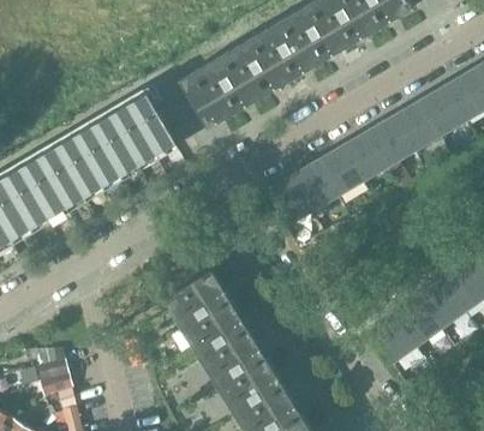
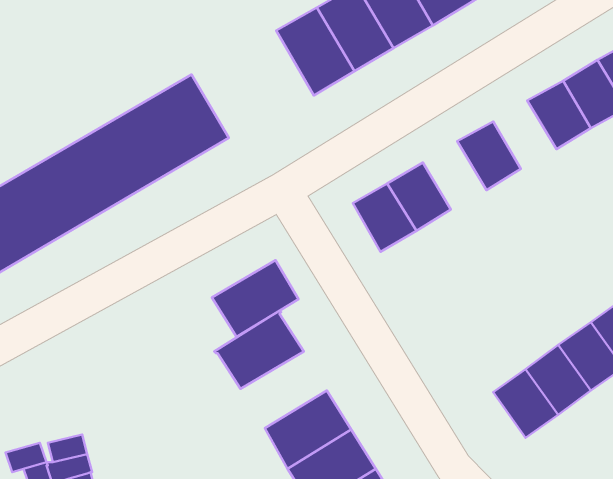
building: [179,62,237,127] -> none
building: [369,114,416,164] -> none
building: [317,144,364,194] -> none
building: [183,299,246,355] -> [212,260,298,337]

